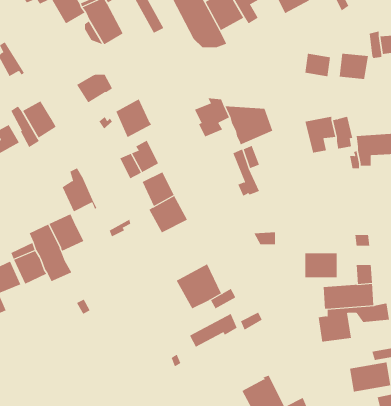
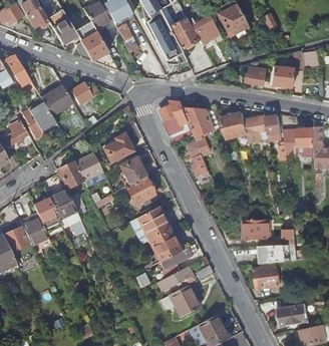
building: none -> [39,86,72,116]
building: [115,98,152,138] -> [75,151,103,182]
building: none -> [221,112,251,145]
building: none -> [136,206,171,240]
building: none -> [159,283,200,317]

